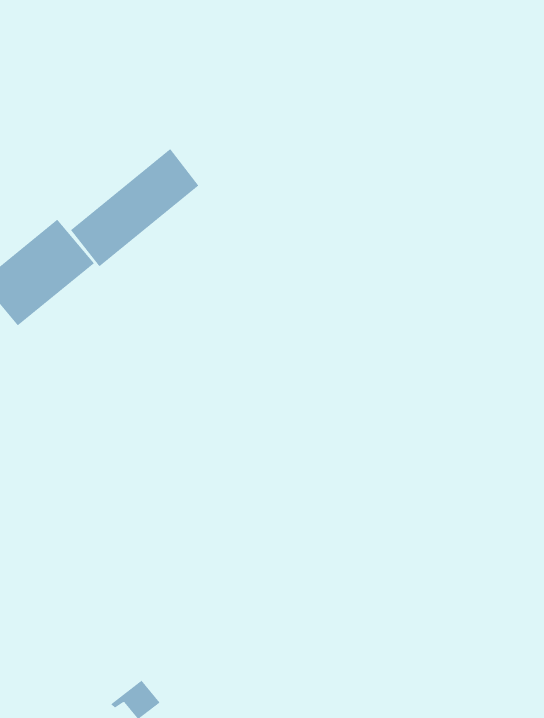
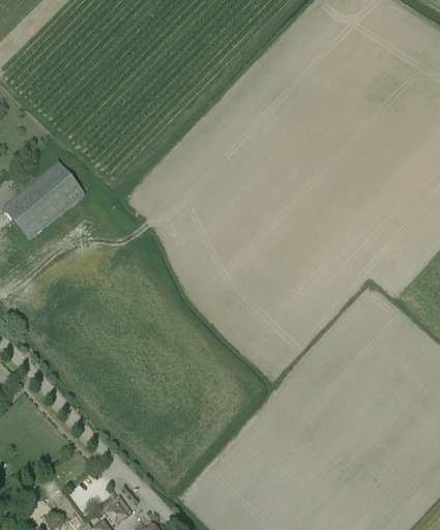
building: [70,148,199,267] -> none

